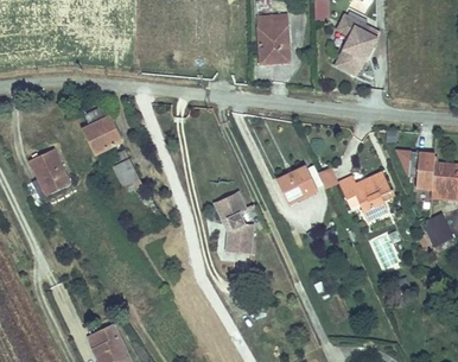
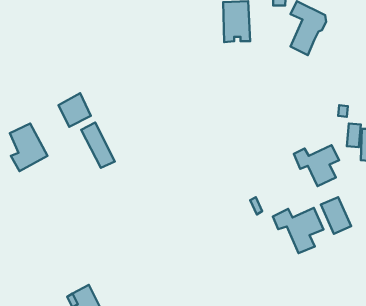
building: [276,166,316,202] -> none
building: [209,190,248,249] -> none
building: none -> [273,208,324,253]

